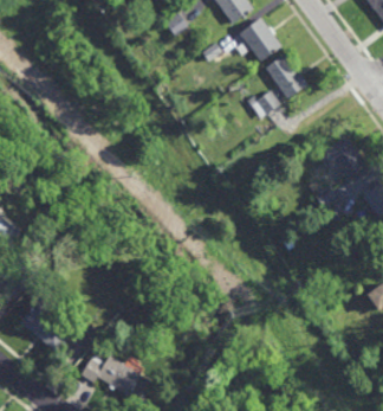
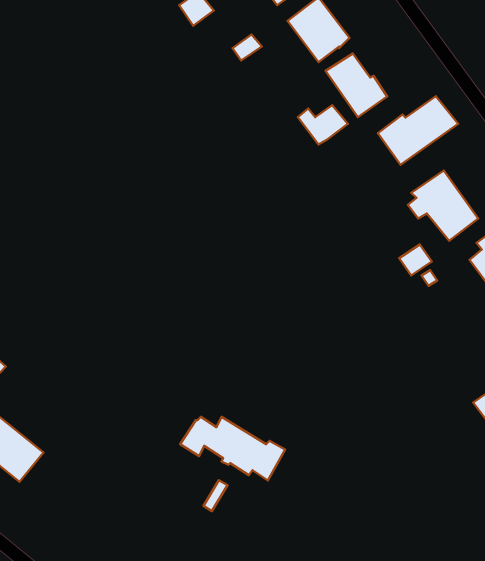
building: none -> [378,96,458,165]
building: [80,357,152,400] -> [180,417,285,480]

